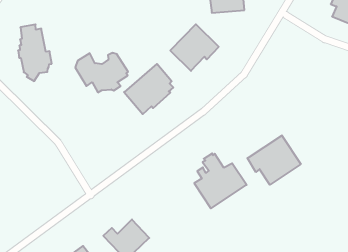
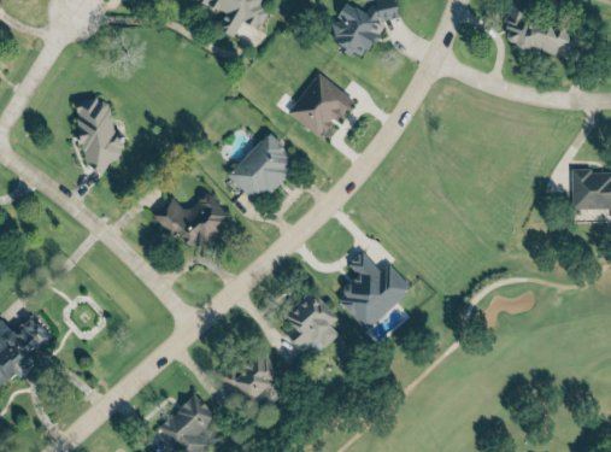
building: [75,53,128,92] -> [155,193,229,250]
building: [247,135,301,185] -> none
building: none -> [282,292,337,354]

